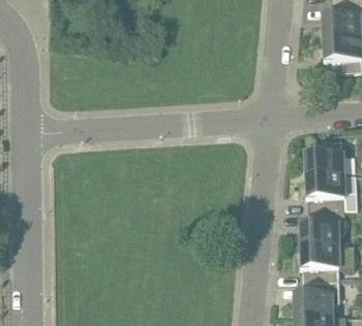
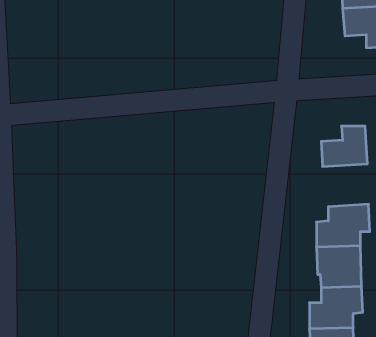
building: [305,174,345,211] -> none

